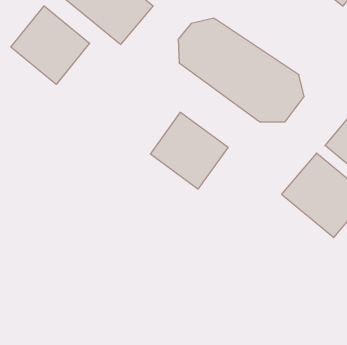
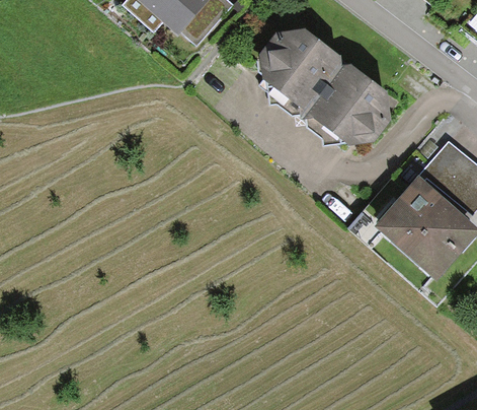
building: [11,6,90,84] -> none
building: [150,112,228,189] -> none

